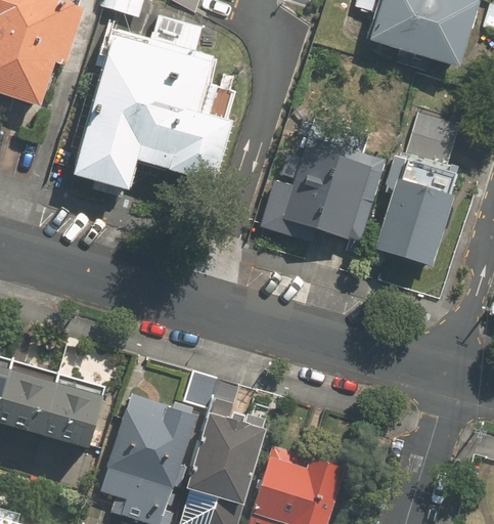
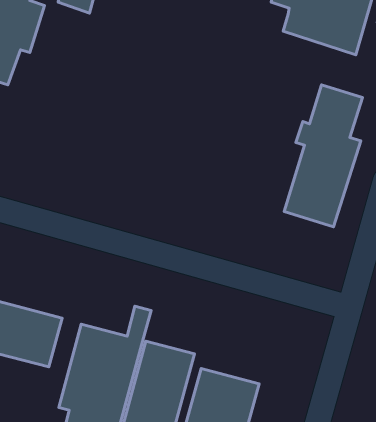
building: [75,16,232,190] -> none
building: [276,119,386,243] -> none

